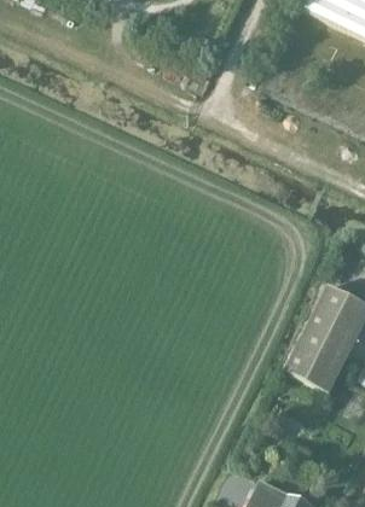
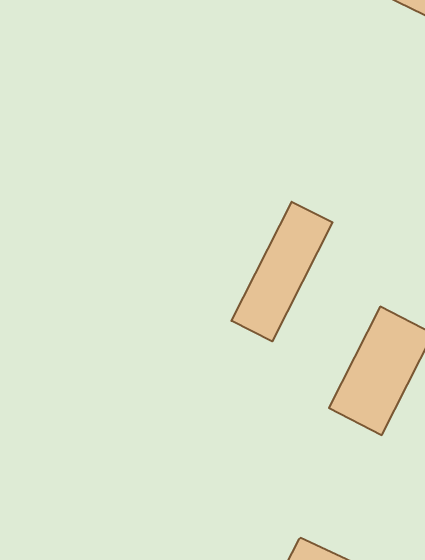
building: none -> [231,202,333,341]

